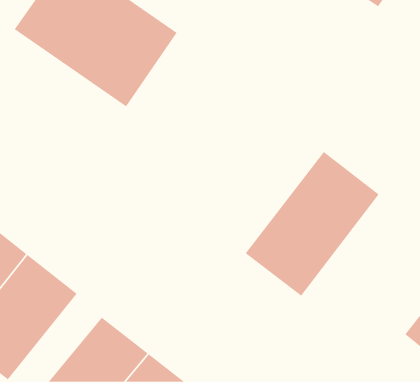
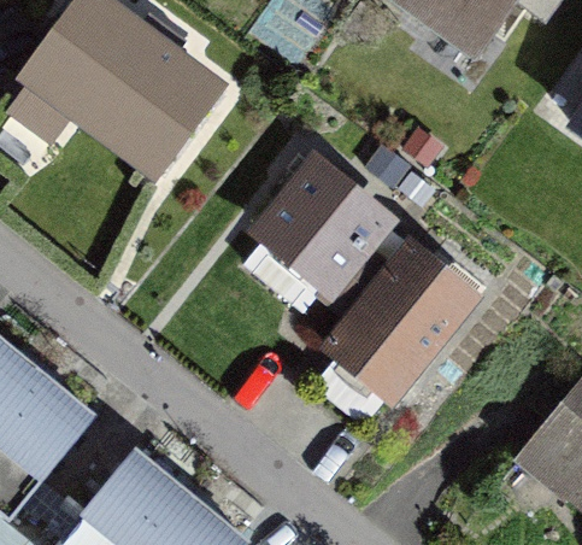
building: none -> [247,160,399,310]

